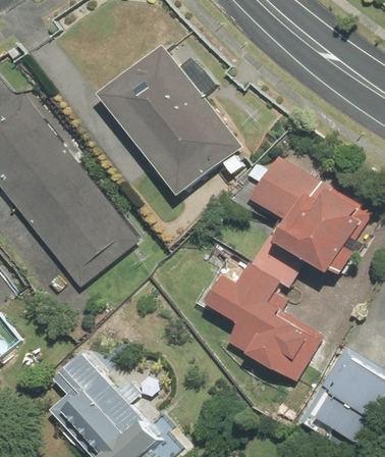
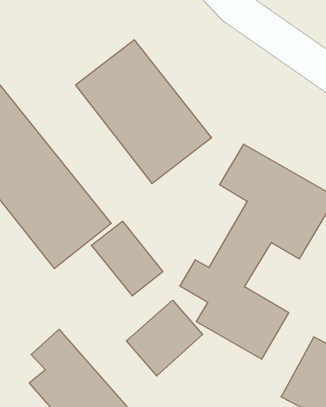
building: none -> [92,221,163,296]
building: none -> [126,300,203,376]

